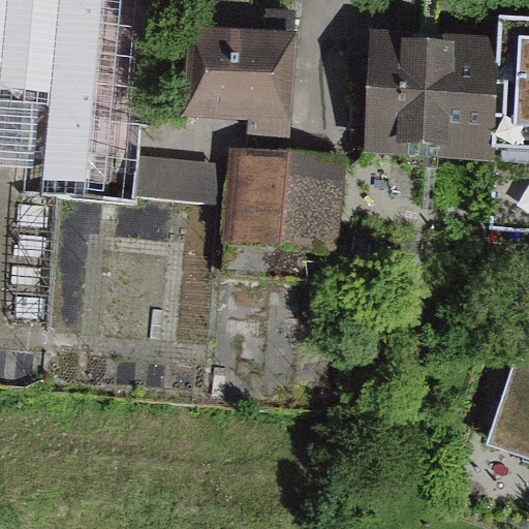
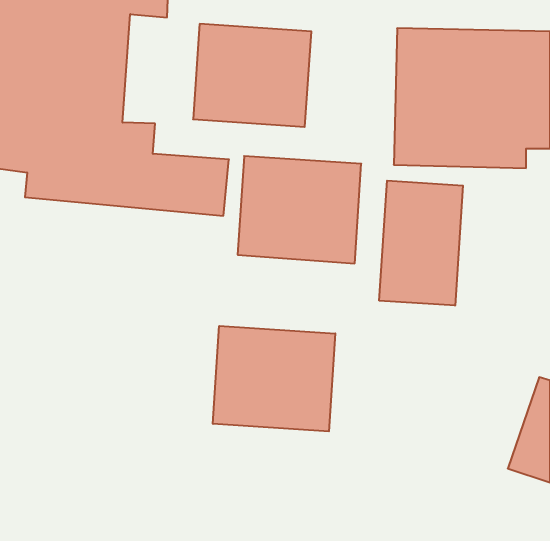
building: none -> [379,181,463,306]
building: none -> [213,326,335,431]

